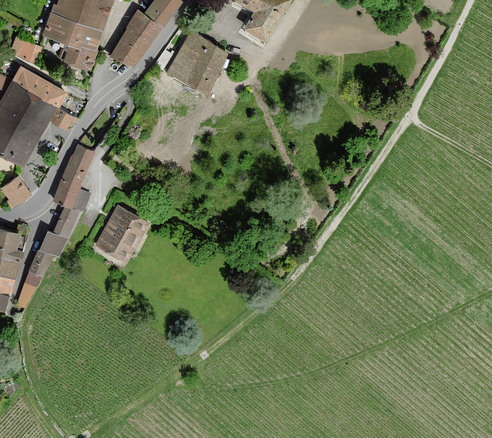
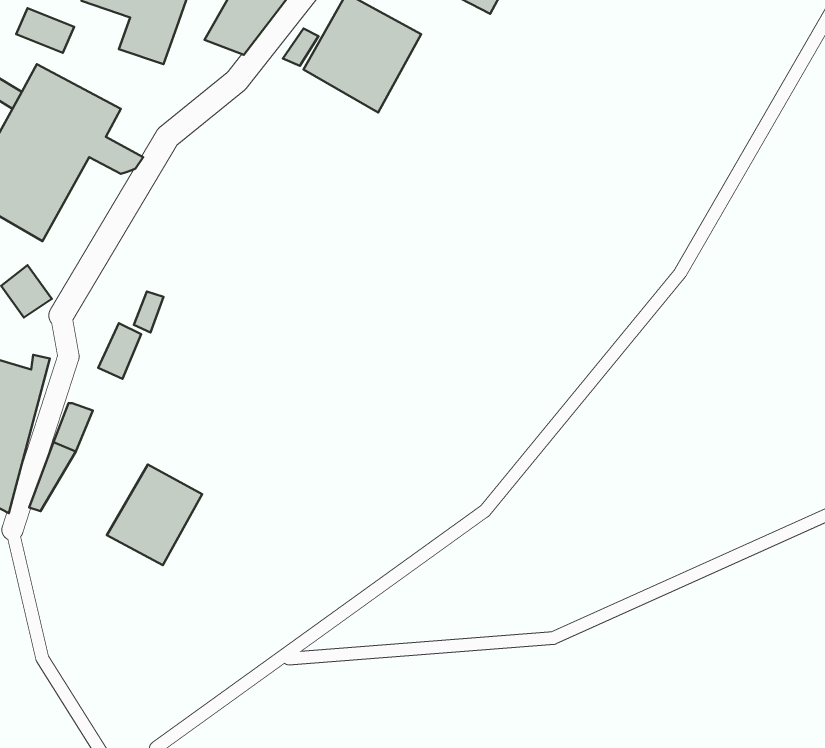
building: [55,146,92,207] -> none
building: [94,205,145,259] -> [107,464,202,565]
building: [40,232,67,258] -> none

